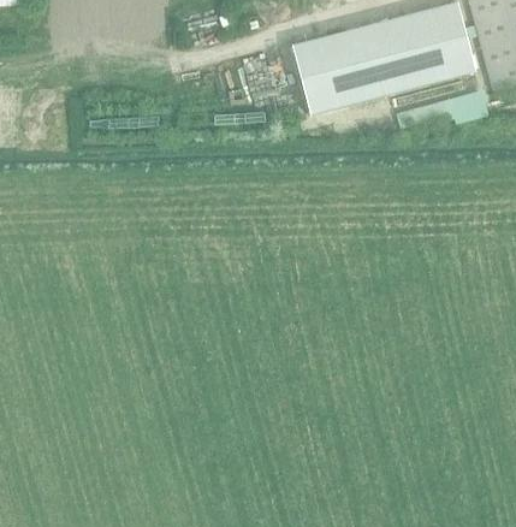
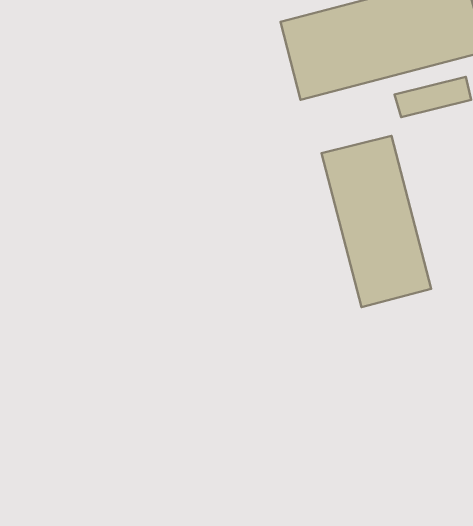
building: none -> [322,136,431,307]

